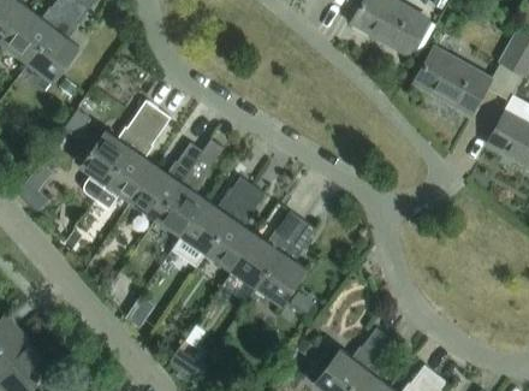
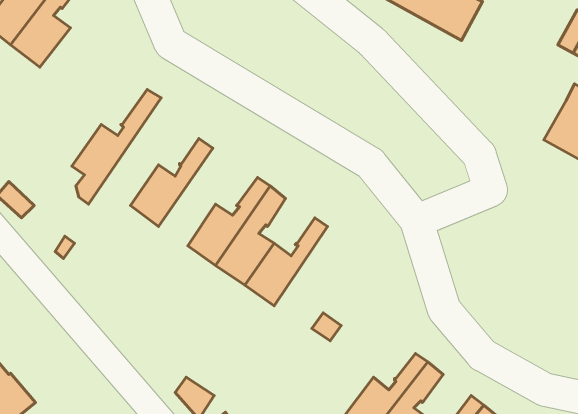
building: [415,49,489,114] -> none
building: [95,108,171,209] -> none
building: [155,140,224,236] -> none
building: [255,219,315,306] -> none

